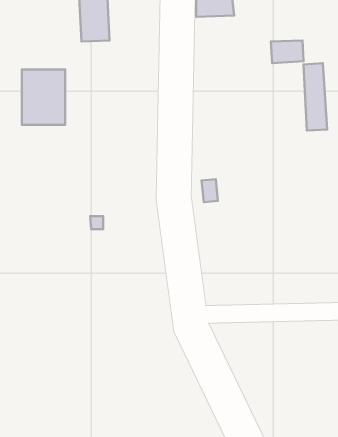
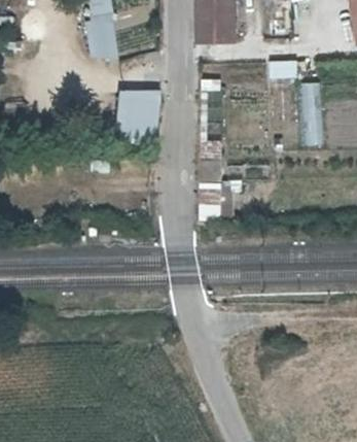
building: [22,69,65,125] -> [117,91,158,143]

